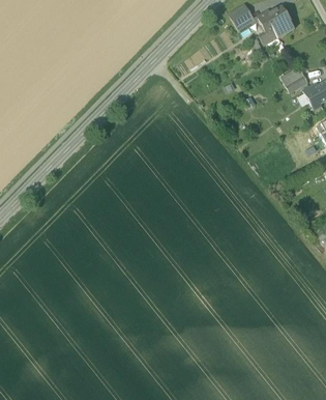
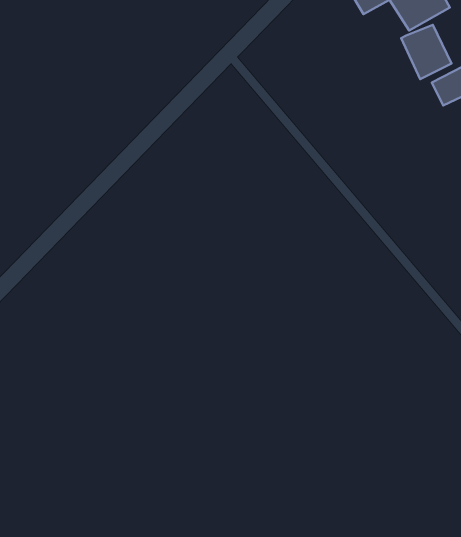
building: none -> [401,25,451,79]

